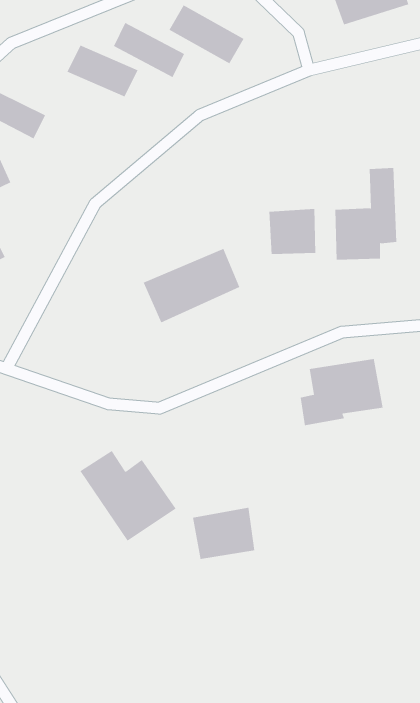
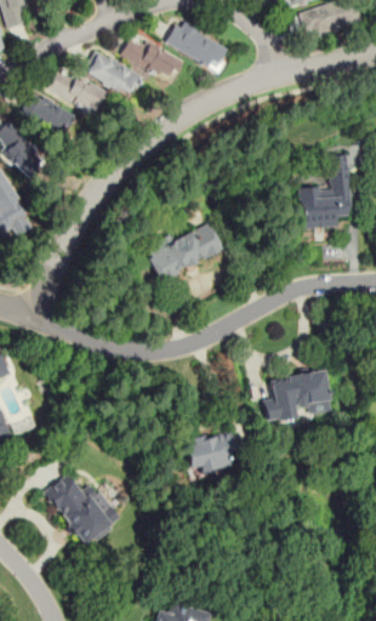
building: none -> [49,69,108,113]
building: [269,208,316,255] -> none
building: [300,359,384,426] -> [263,369,331,423]
building: [79,450,177,541] -> [44,473,123,547]

